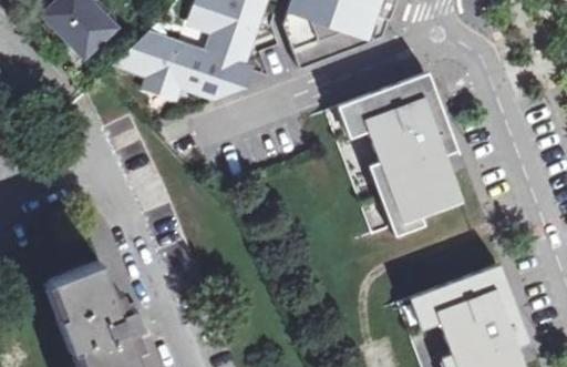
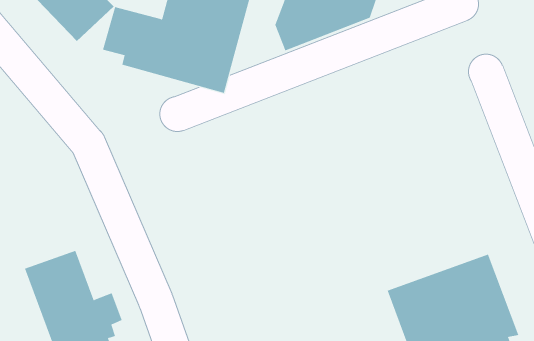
building: [329,72,465,233] -> none

